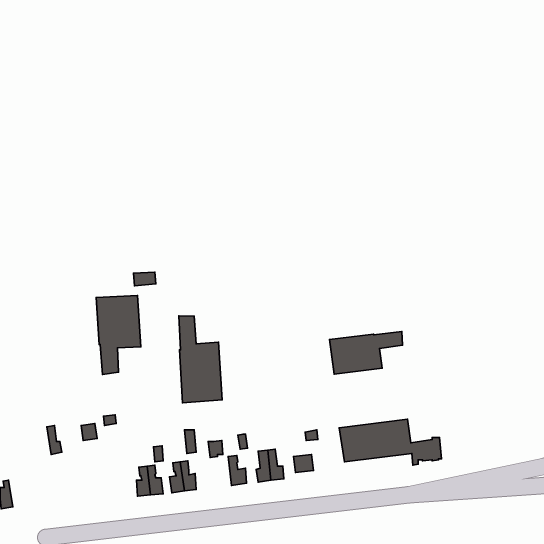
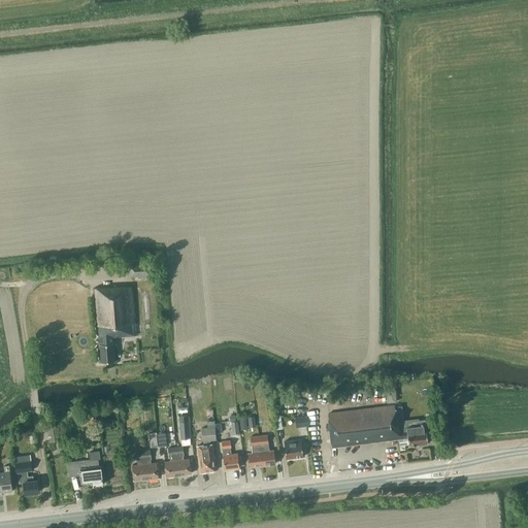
building: [179,316,222,403] -> none
building: [329,332,402,374] -> none
building: none -> [196,443,216,472]
building: none -> [68,451,103,484]
building: none -> [15,461,39,492]

